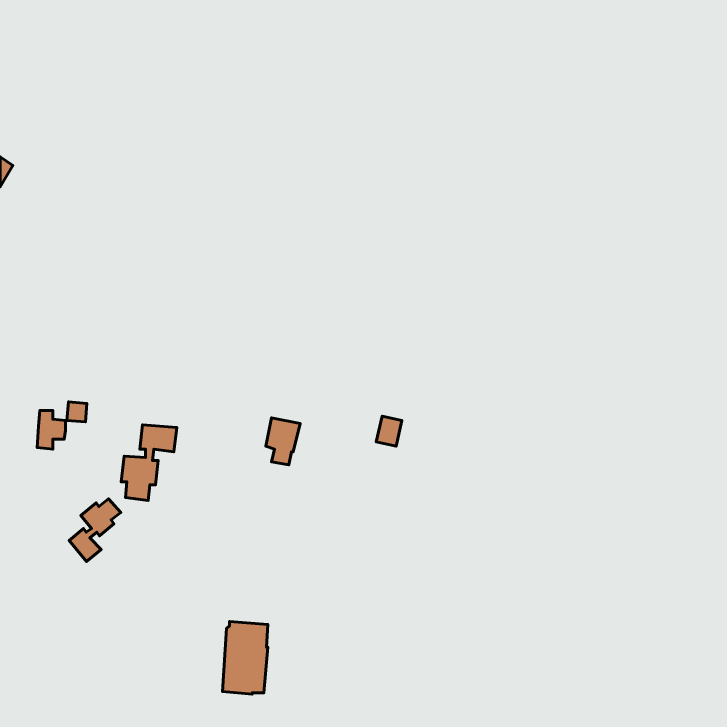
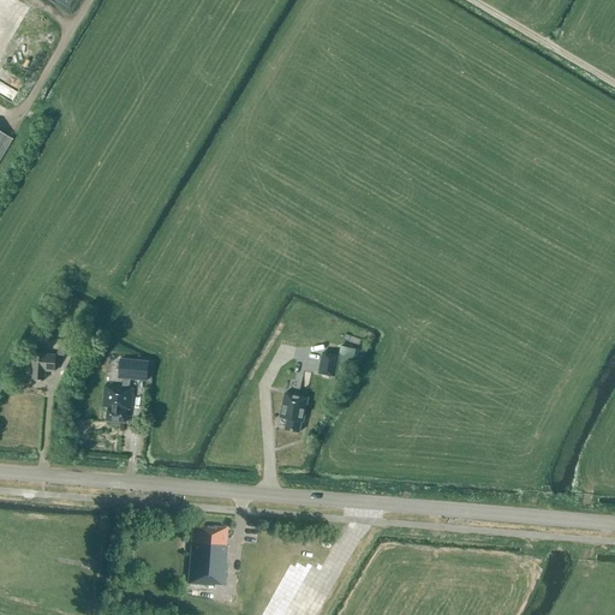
building: [266,418,300,465] -> [281,392,310,431]
building: [69,499,121,562] -> none

